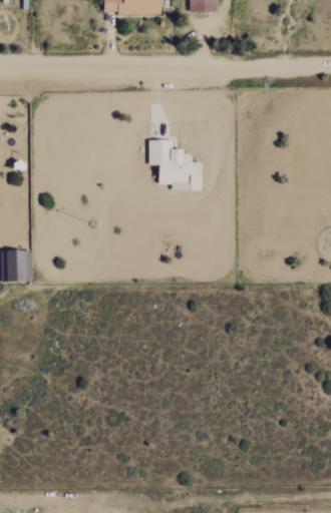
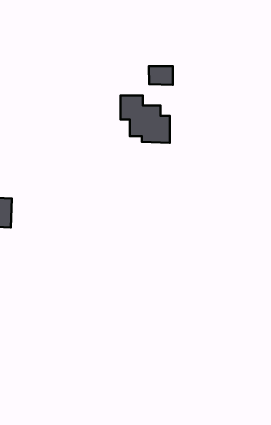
building: none -> [149,66,173,85]

